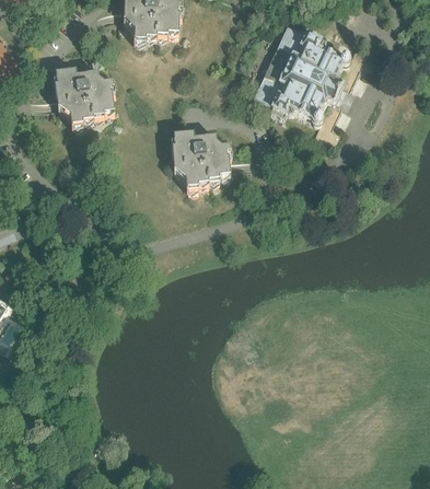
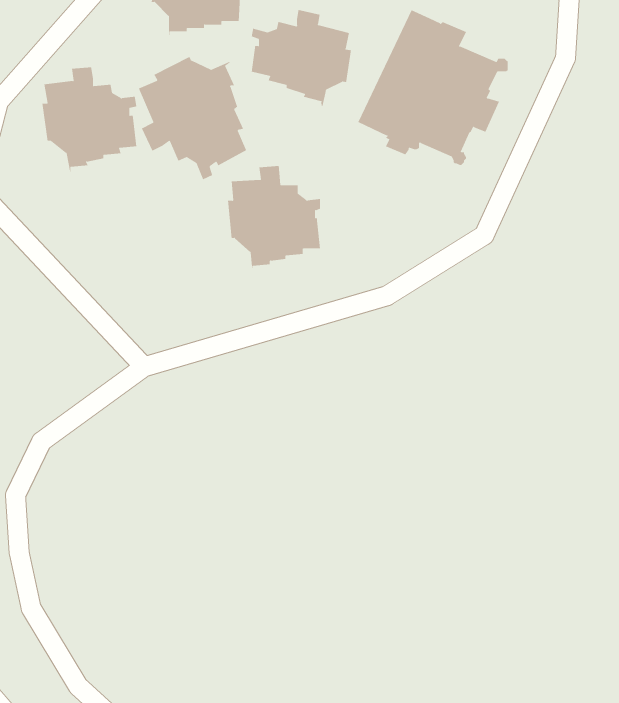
building: none -> [251,9,352,107]
building: none -> [138,56,247,180]

